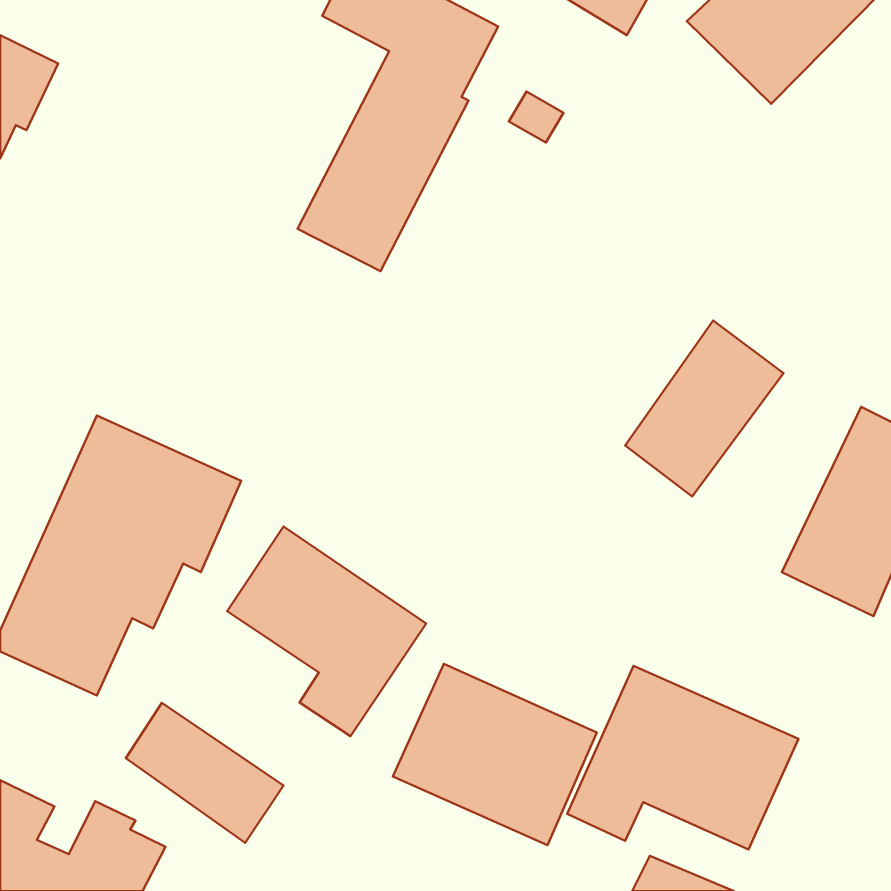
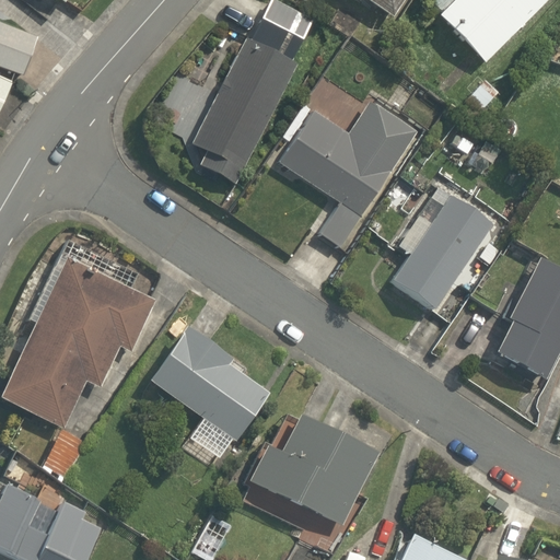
building: none -> [273,98,419,250]
building: [567,666,798,850] -> none
building: [126,703,284,843] -> none

